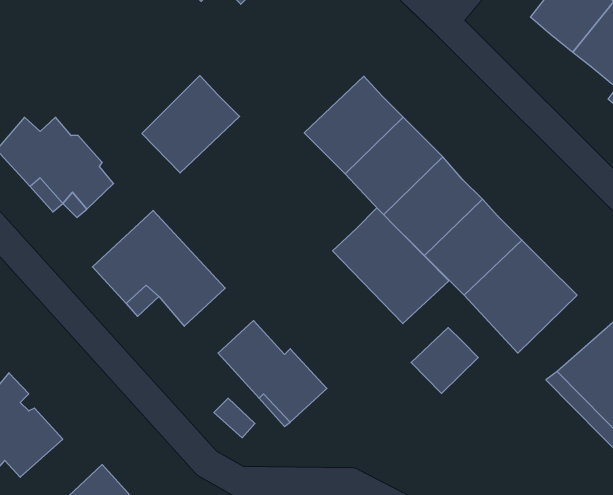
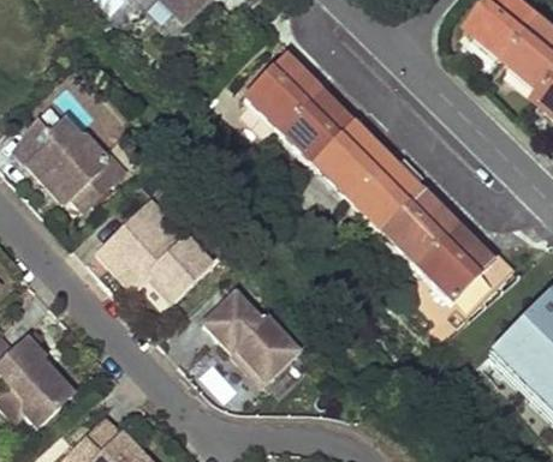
building: [142,76,240,173] -> [245,50,328,133]
building: [333,208,449,324] -> none
building: [411,328,478,393] -> none

